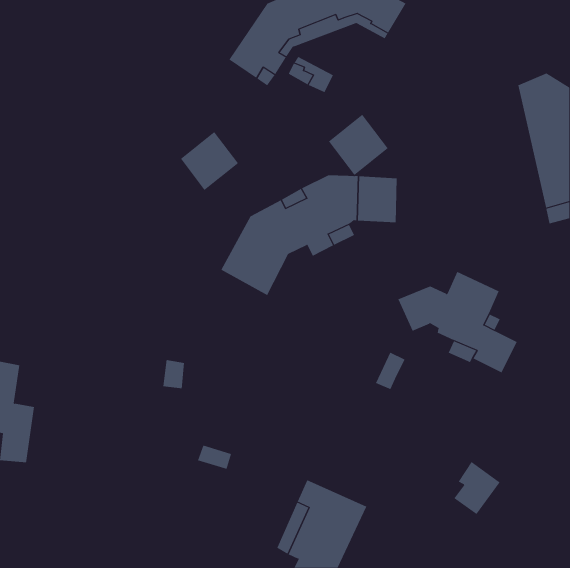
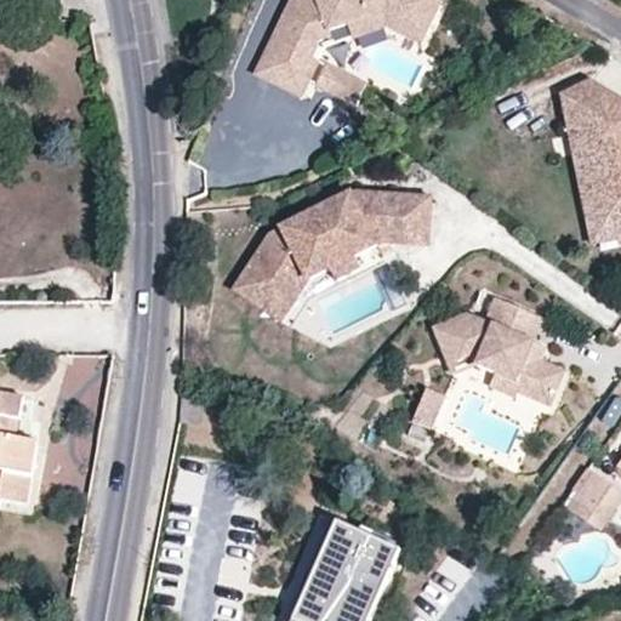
building: [328,114,388,176] -> none
building: [180,131,239,191] -> none
building: [453,461,500,515] -> [562,469,613,528]

